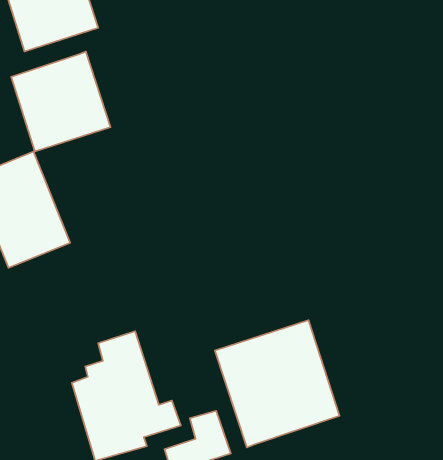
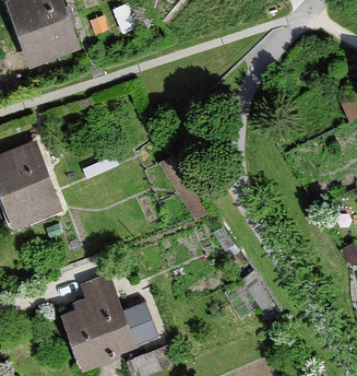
building: [11,52,110,151] -> none
building: [215,320,339,447] -> none

